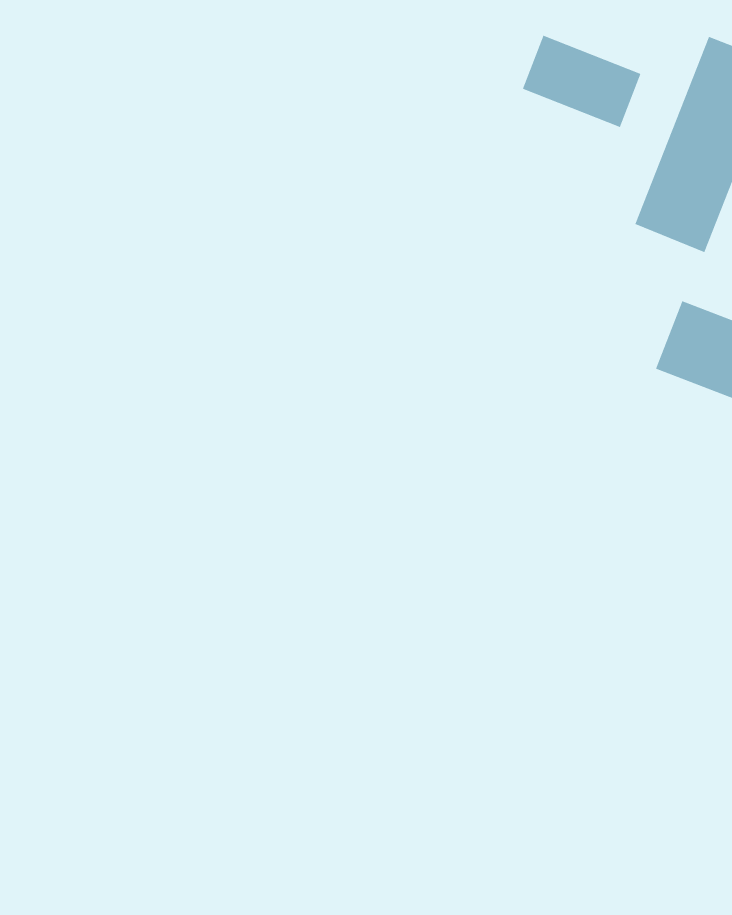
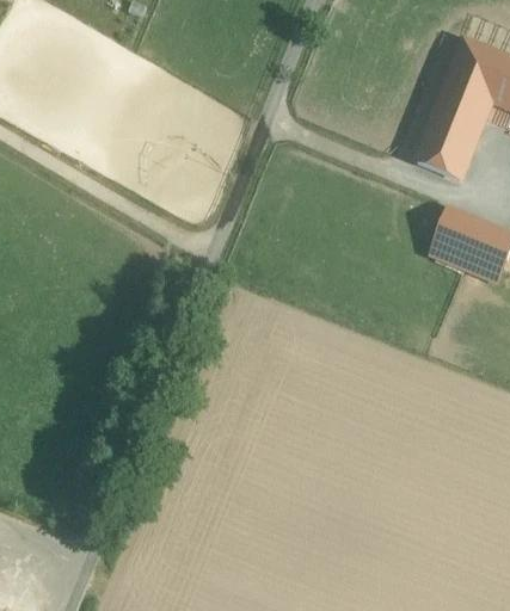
building: [522,35,641,128] -> none

